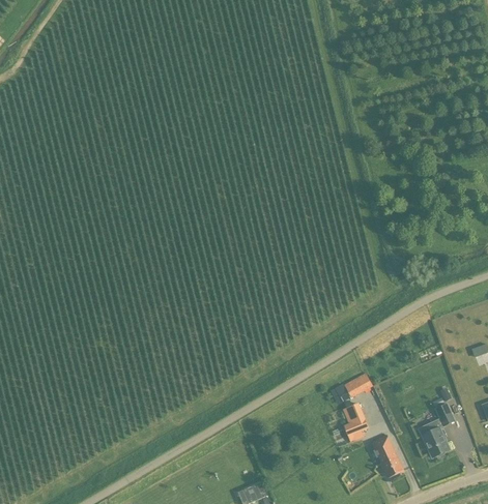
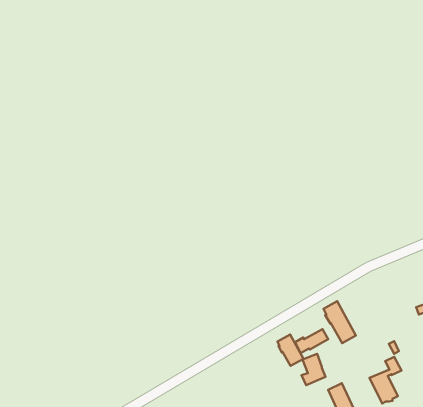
building: none -> [323,301,356,343]
building: none -> [277,335,303,366]

